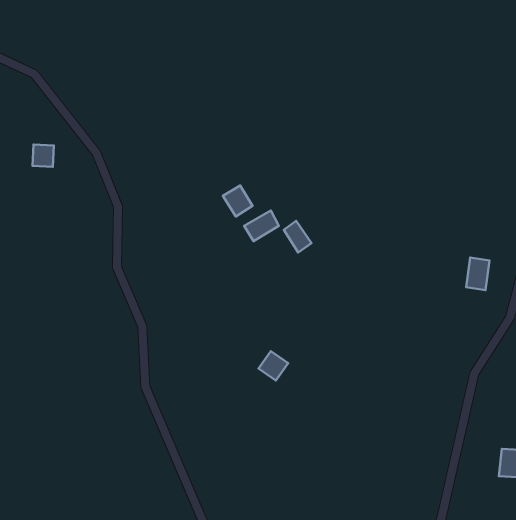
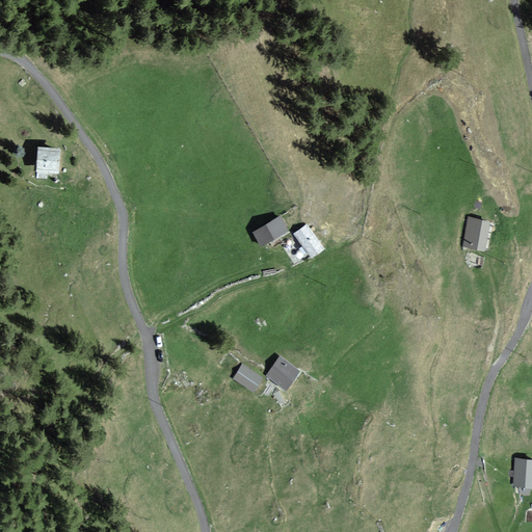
building: [223,185,252,216] -> none
building: [466,258,489,290] -> [464,217,488,250]
building: none -> [233,366,262,392]

